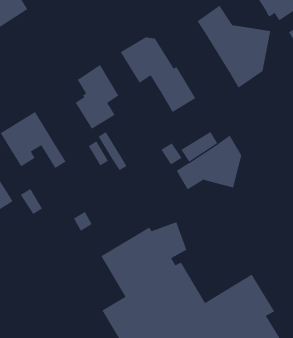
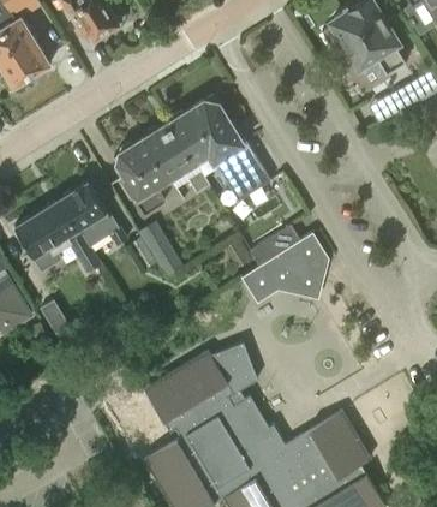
building: [197,5,271,88] -> none
building: none -> [145,121,210,195]
building: none -> [60,181,126,247]

